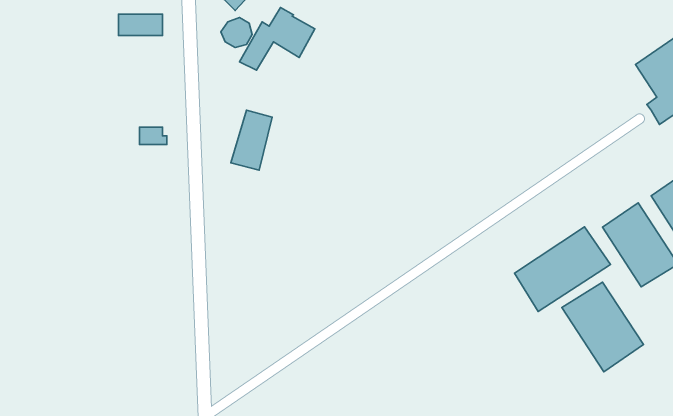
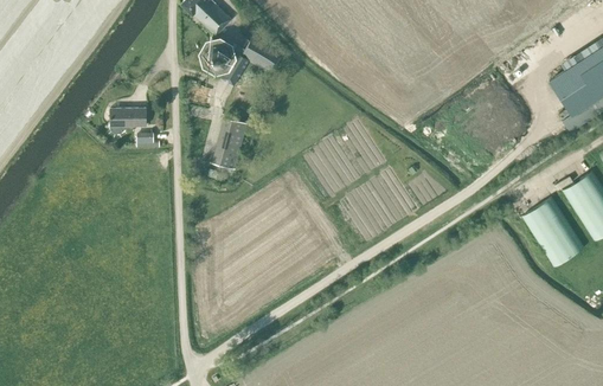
building: [118,14,163,36] -> [110,109,147,127]
building: [514,227,611,312] -> none
building: [562,282,644,372] -> none

